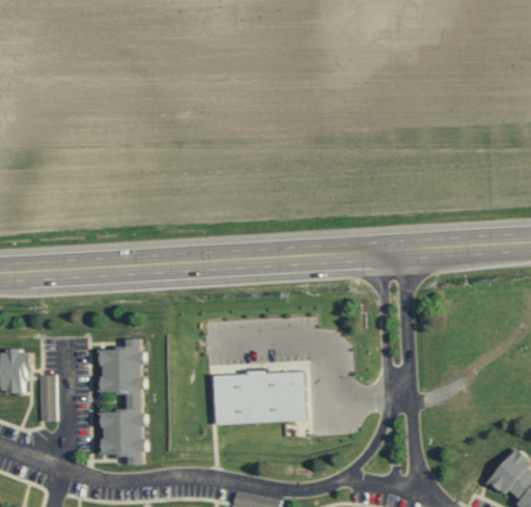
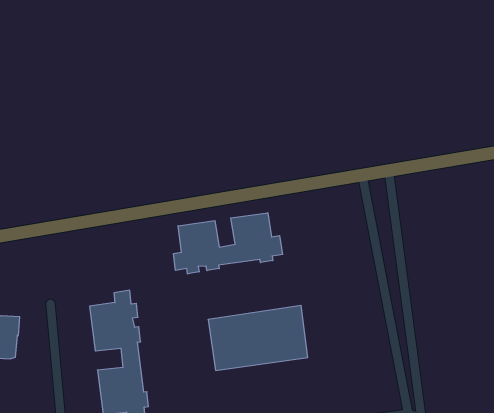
building: none -> [174,213,283,274]
building: [39,375,56,422] -> none

